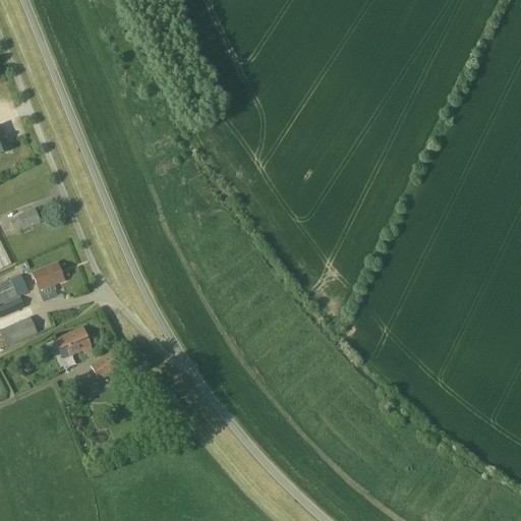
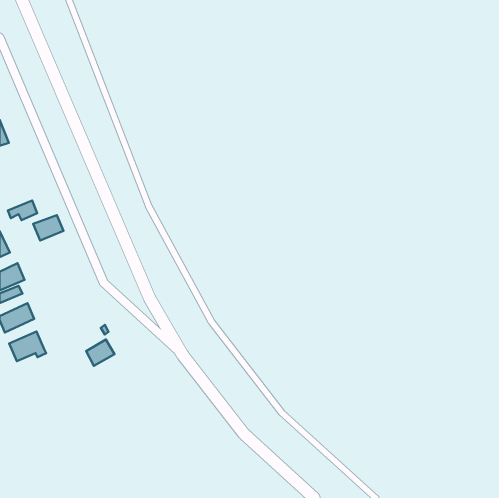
building: [32,263,63,289] -> [33,215,64,241]
building: [53,327,92,357] -> [9,332,46,361]

